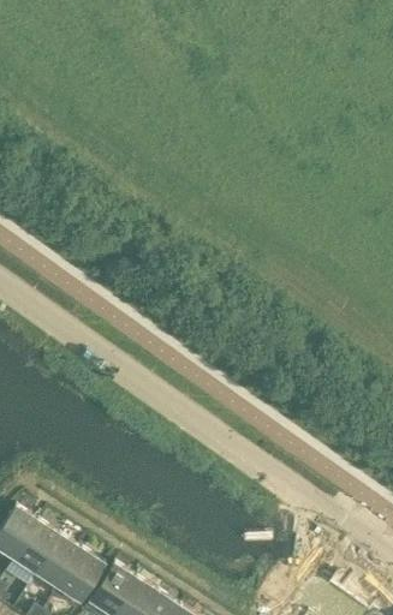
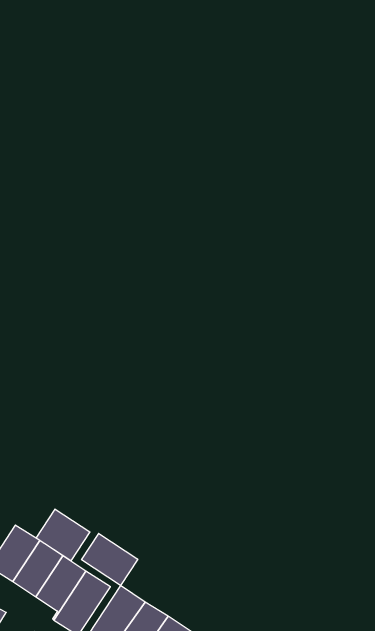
building: none -> [36,509,90,561]
building: none -> [82,533,138,585]

